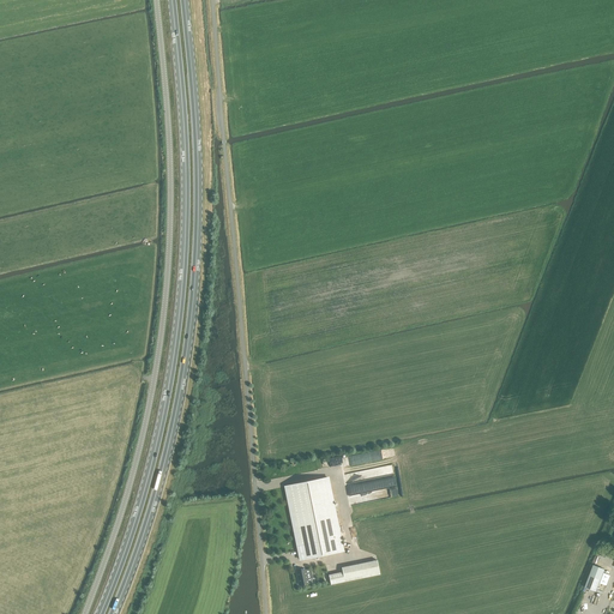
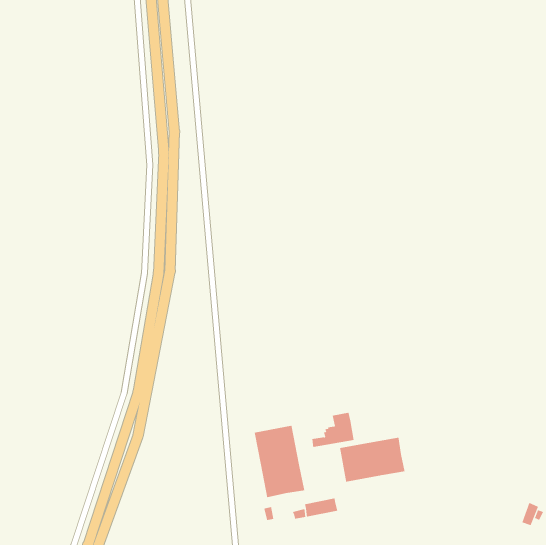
building: none -> [340,437,405,482]

